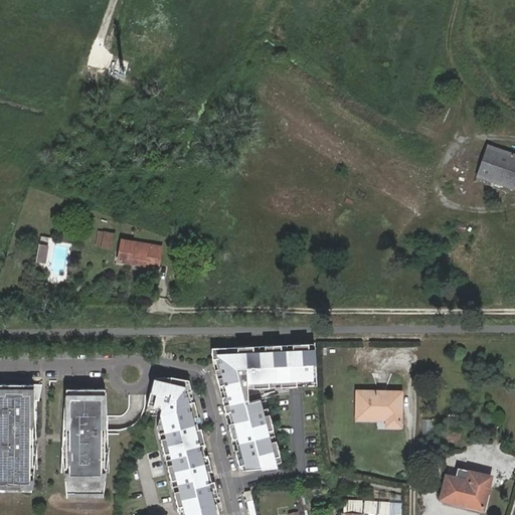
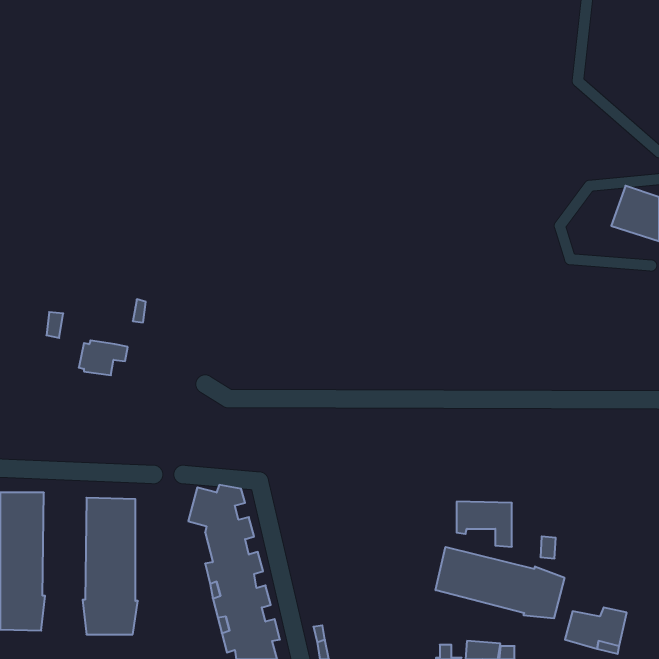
building: [124,240,162,268] -> [79,340,128,375]
building: [211,344,315,472] -> none
building: none -> [436,547,564,618]

